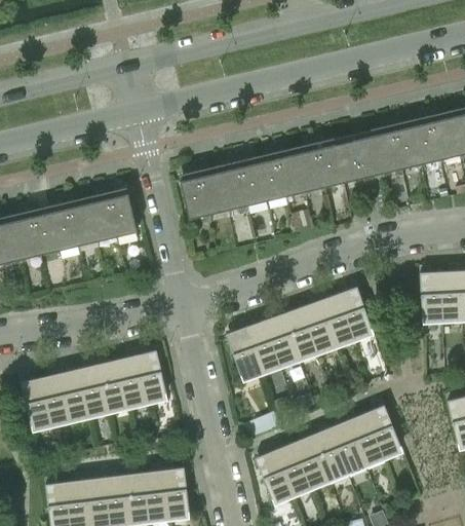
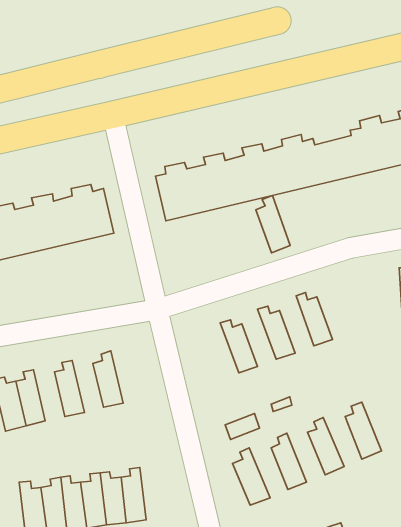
building: [338,284,373,340] -> none
building: [301,297,335,353] -> [256,195,290,253]
building: [264,310,298,367] -> none
building: [226,324,261,380] -> none
building: [134,349,167,403] -> none
building: [96,359,127,412] -> none
building: [59,368,89,420] -> none
building: [344,414,382,465] -> none
building: [308,428,346,481] -> none
building: [271,444,309,496] -> none
building: [163,465,190,518] -> none

